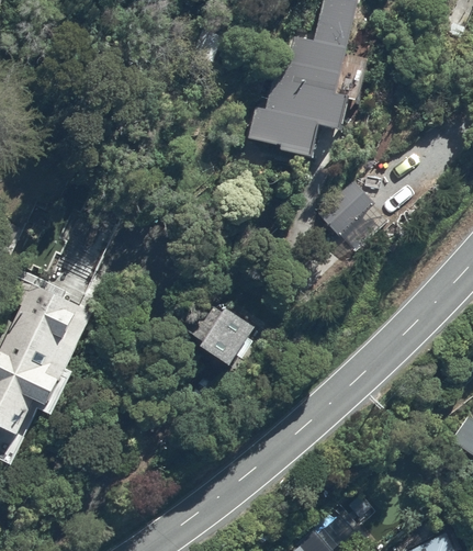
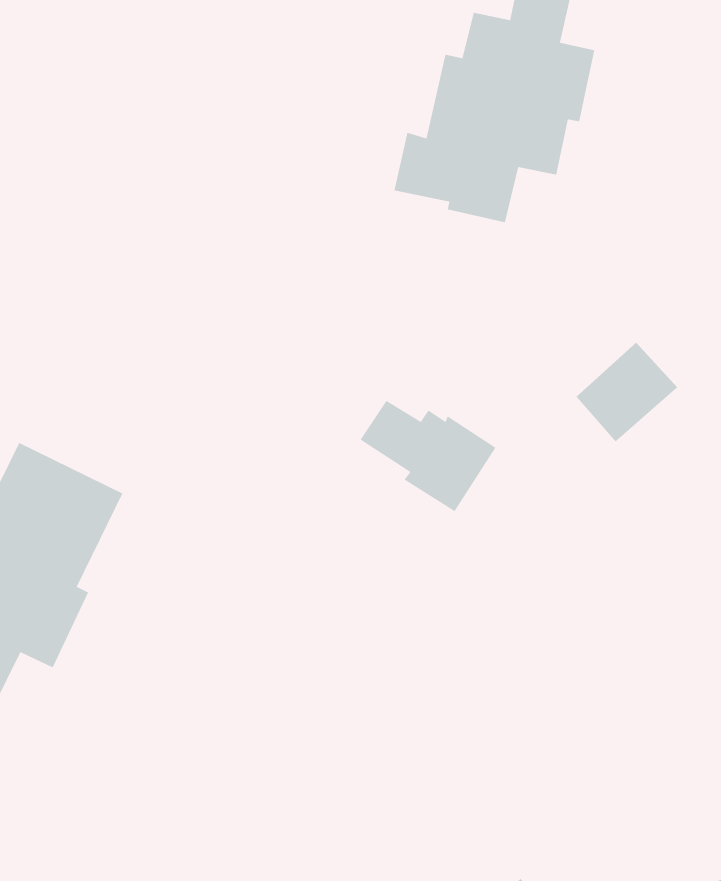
building: [316,177,375,235] -> [575,342,678,443]
building: [177,302,256,367] -> [360,400,497,512]

